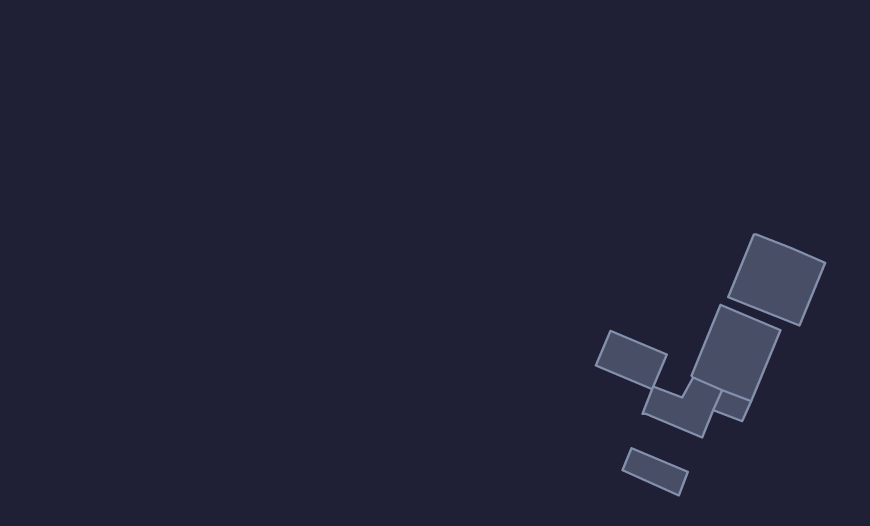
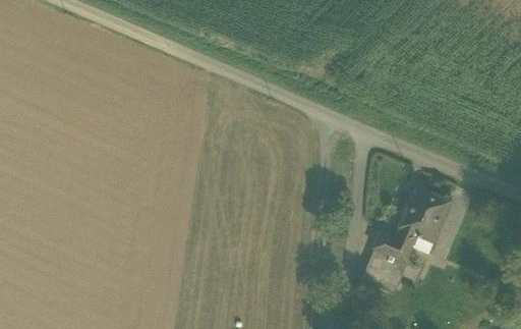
building: [728,234,825,326] -> none
building: [596,331,667,389] -> [368,243,408,276]

